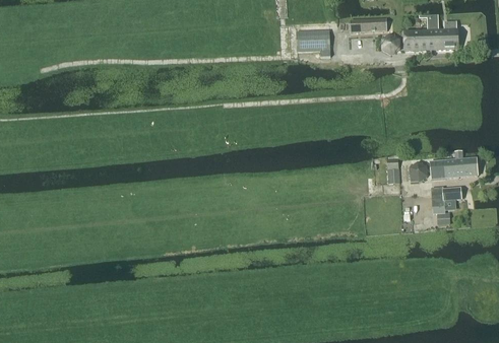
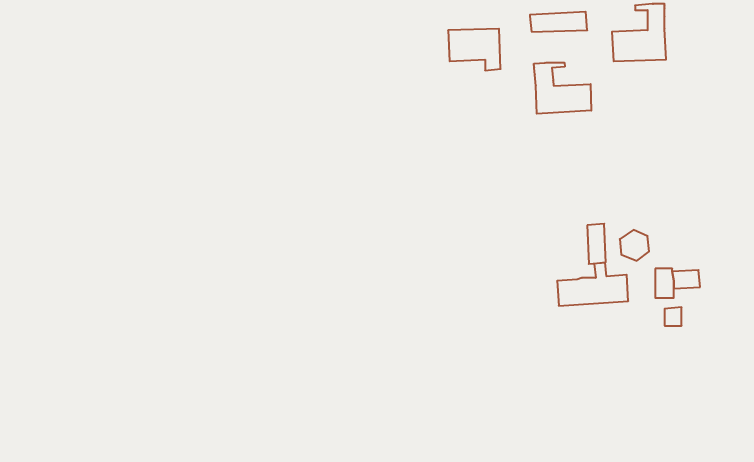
building: [438,21,457,50] -> none
building: none -> [534,63,591,114]
building: [430,150,477,179] -> [557,262,628,306]

